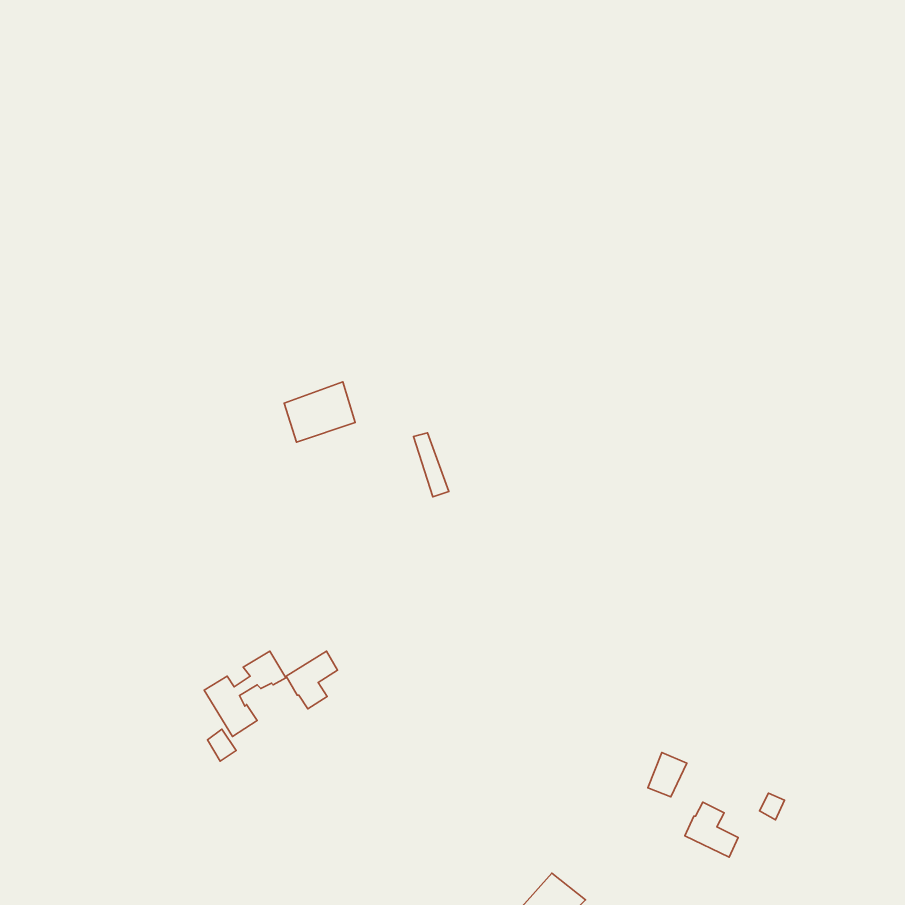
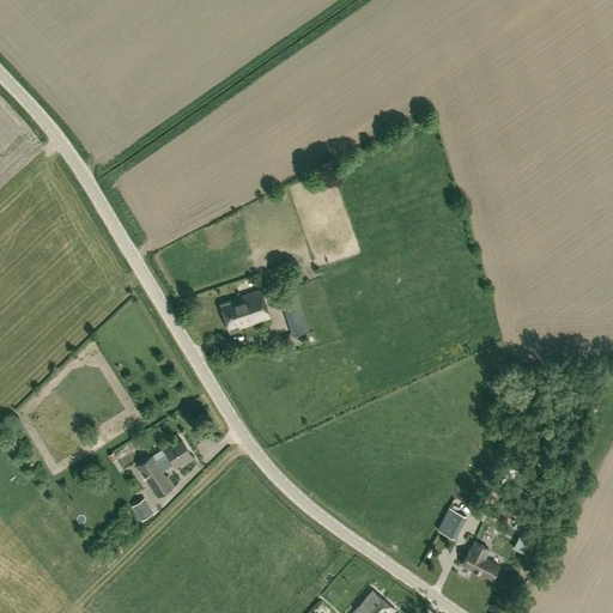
building: [284,382,355,442] -> [221,291,269,332]
building: [286,651,338,709] -> none

